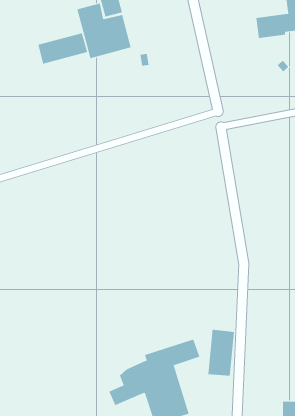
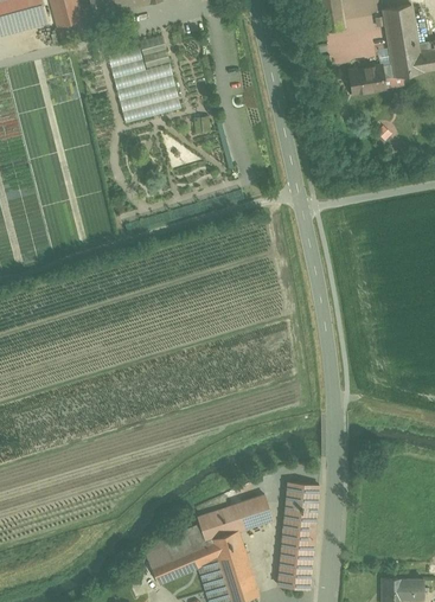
building: [38,32,88,65] -> none
building: none -> [279,540,313,587]

